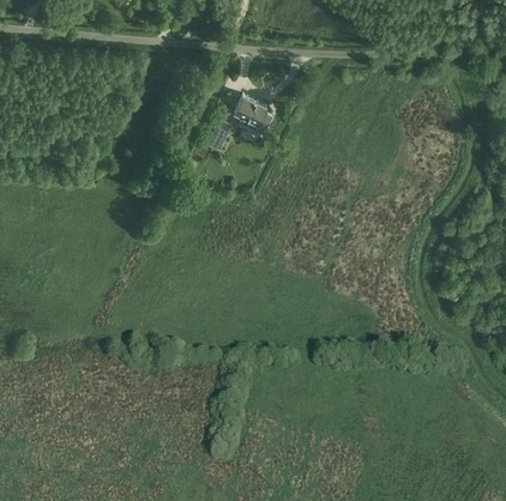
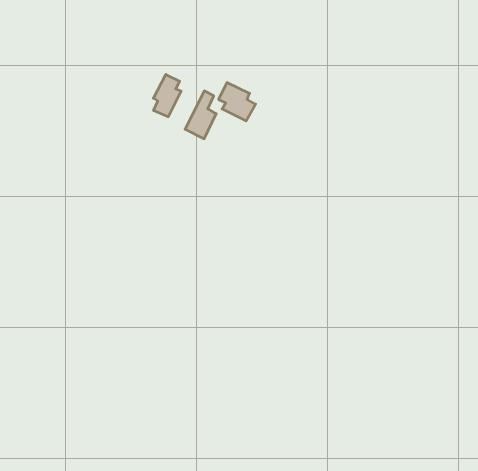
building: none -> [153,74,181,117]

